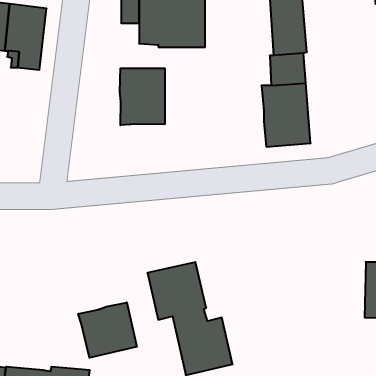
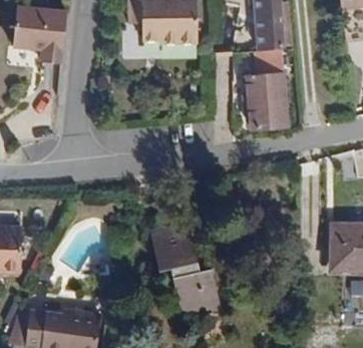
building: [120,68,165,125] -> none
building: [78,302,137,358] -> none

